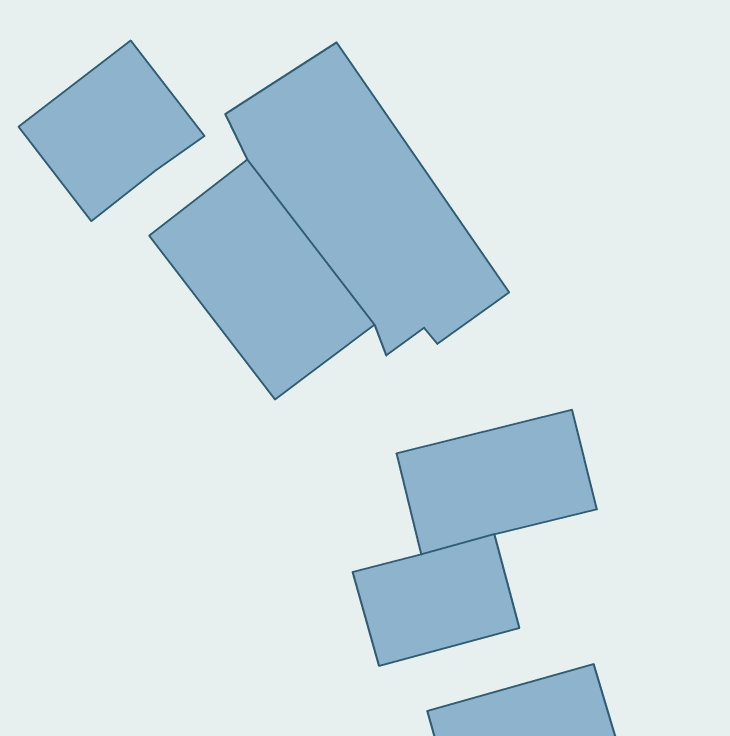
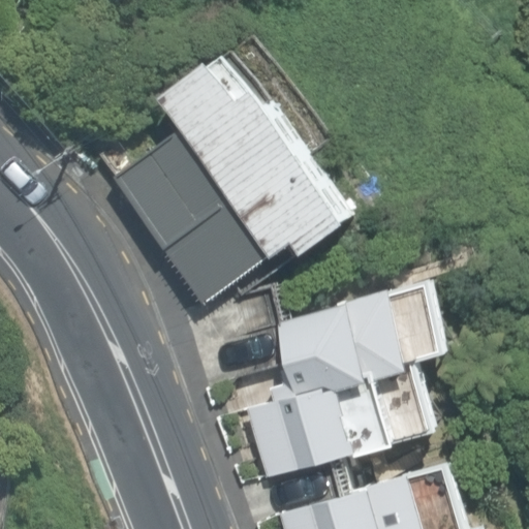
building: [19,41,204,221] -> none

